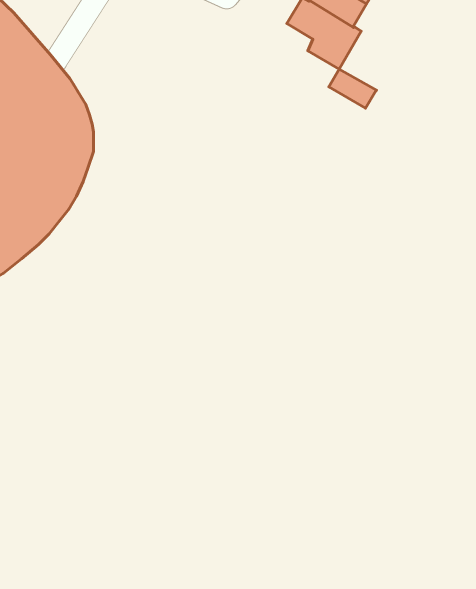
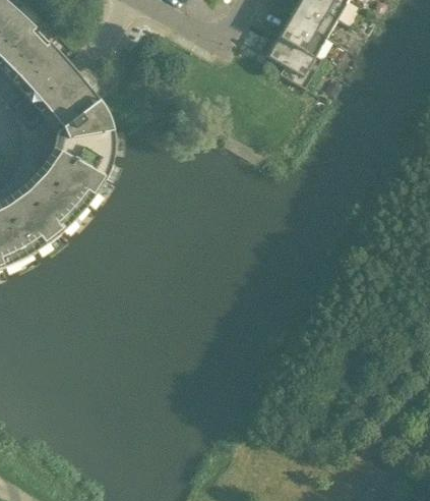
building: [329,69,377,108] -> none

